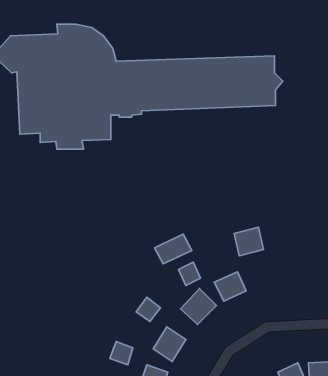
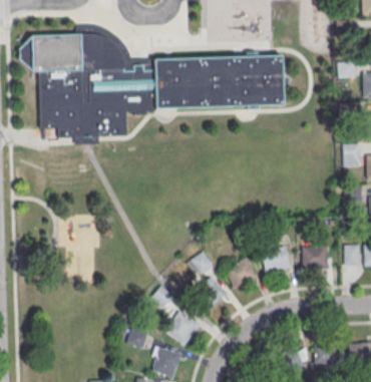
building: [234,227,264,256] -> [262,248,290,275]
building: [155,234,192,264] -> none
building: none -> [303,247,328,270]

